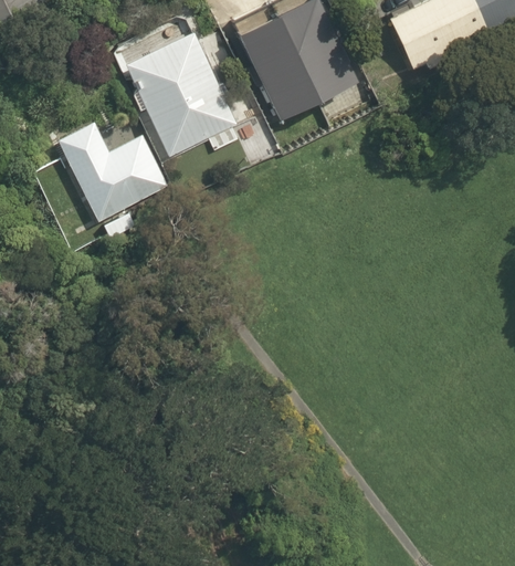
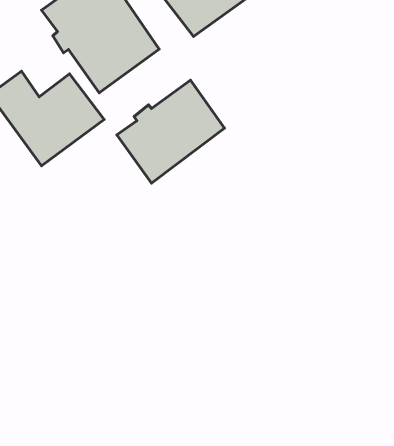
building: none -> [117,80,225,183]

